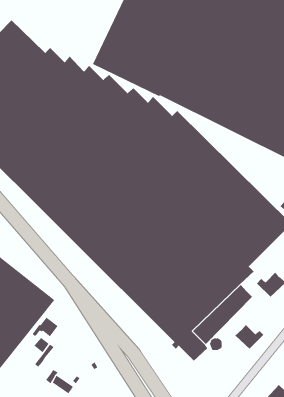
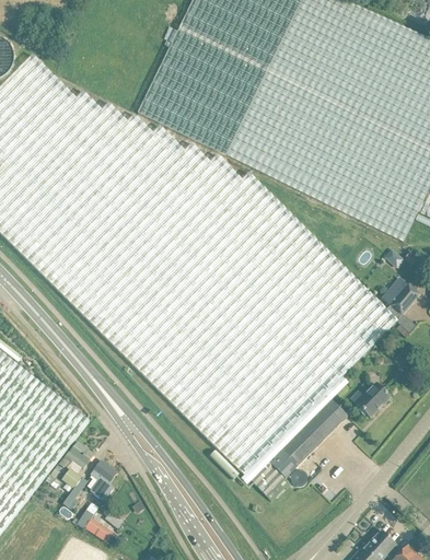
building: [235,324,264,349] -> none
building: none -> [90,458,117,500]

